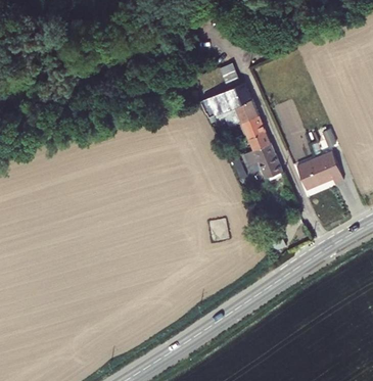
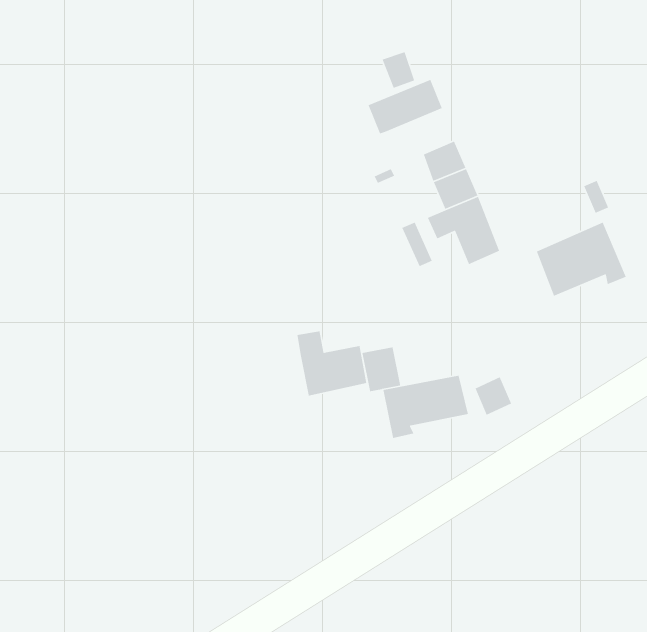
building: [220,94,255,121] -> none
building: none -> [296,331,367,396]
building: none -> [383,375,469,439]

